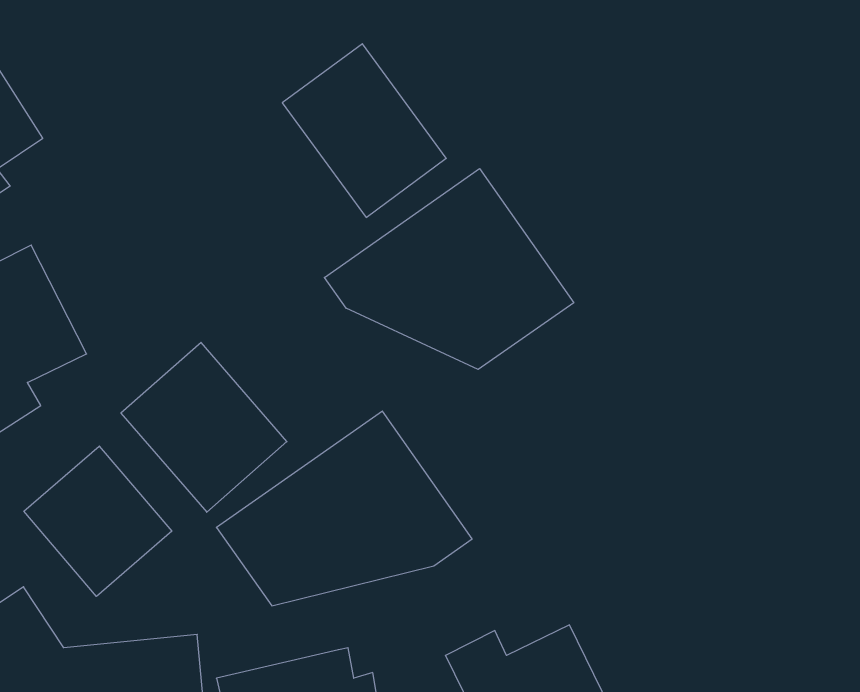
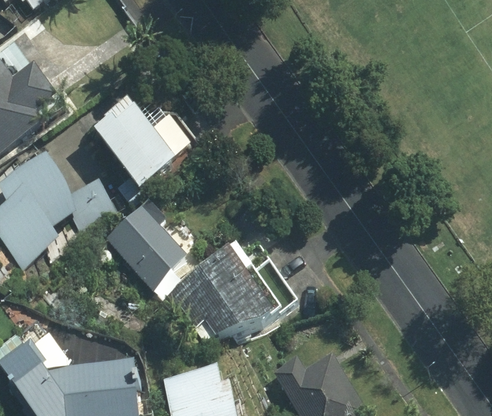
building: [282,44,446,217] -> [95,98,181,189]
building: [324,169,574,369] -> none
building: [24,446,172,596] -> none

